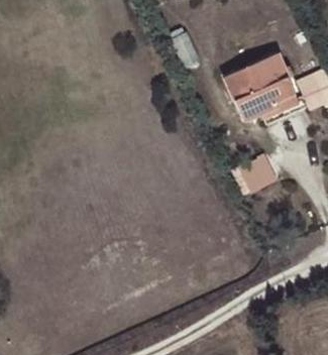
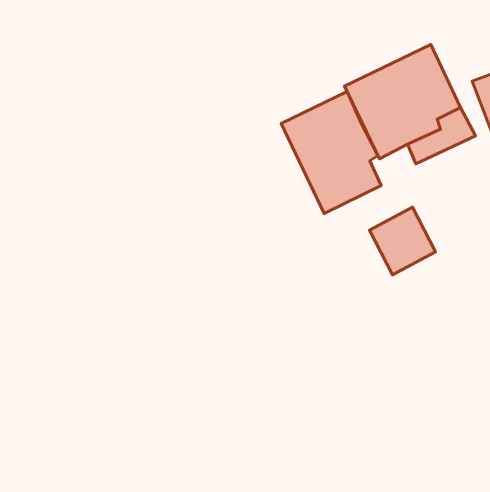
building: none -> [281,92,381,213]

